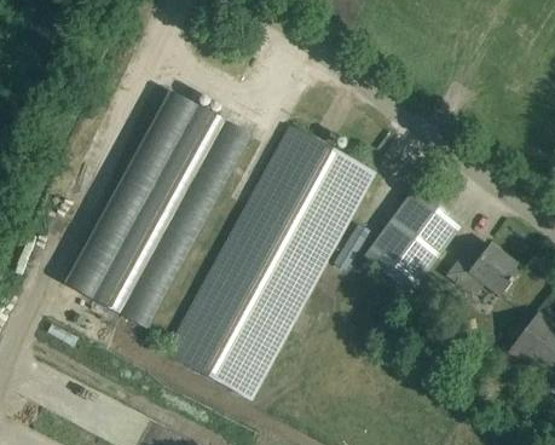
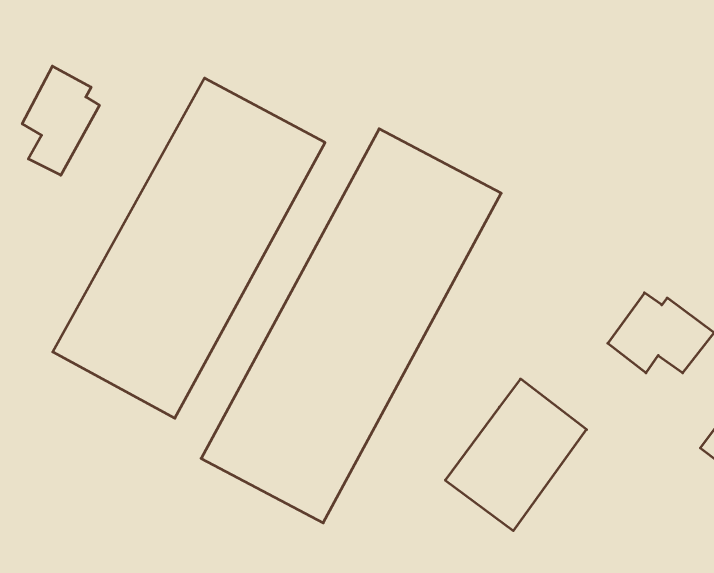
building: none -> [22,66,99,175]
building: [363,187,461,293] -> [445,379,587,531]

